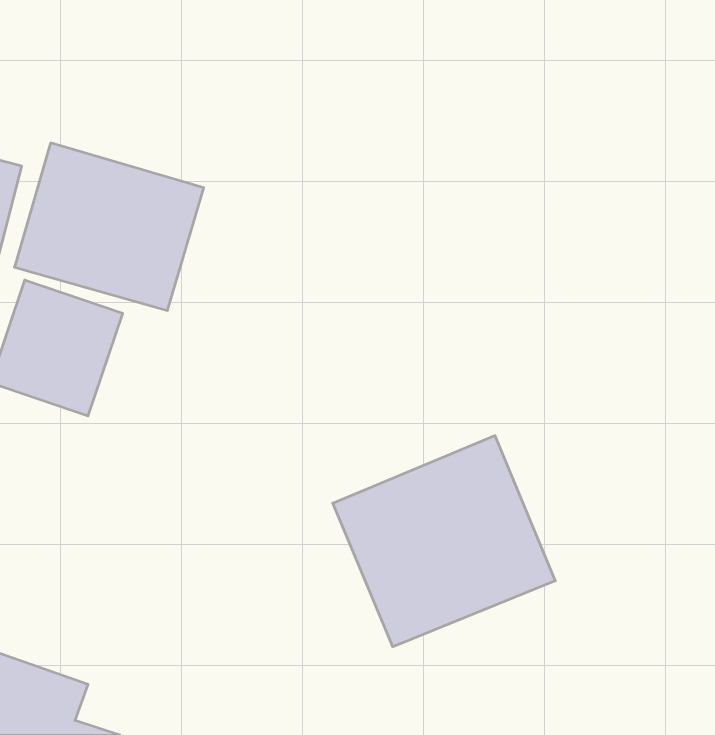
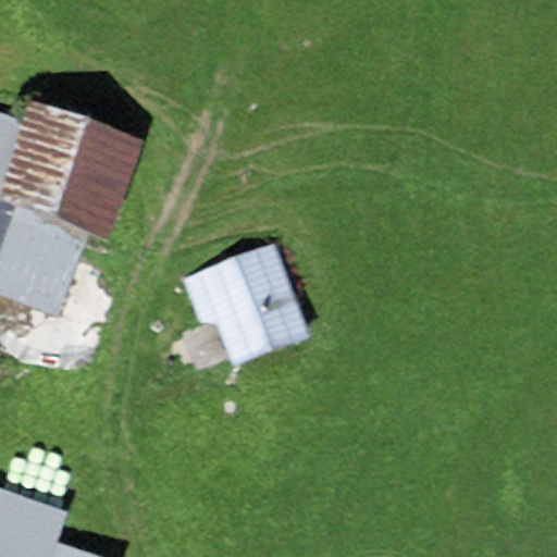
building: none -> [177,243,304,359]
building: [333,436,555,647] -> none

